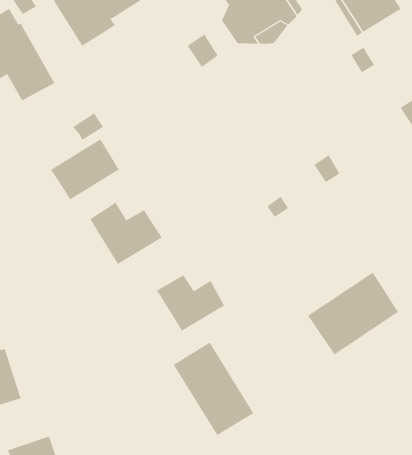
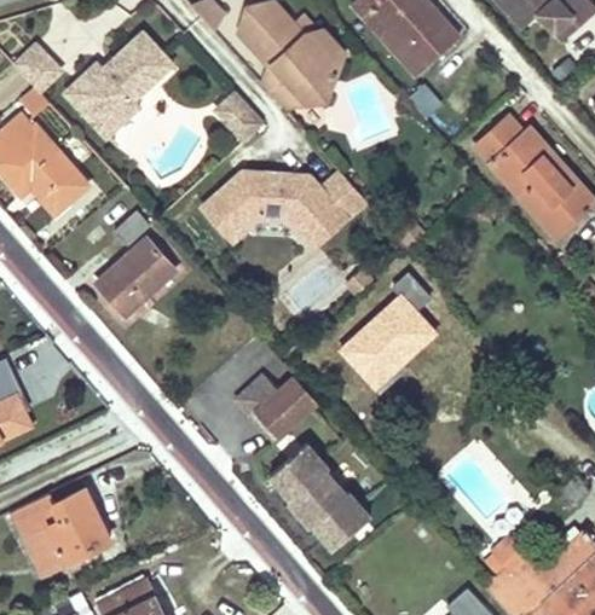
building: none -> [201,168,366,246]
building: [90,202,162,265] -> none
building: [307,272,399,355] -> [339,291,440,391]

